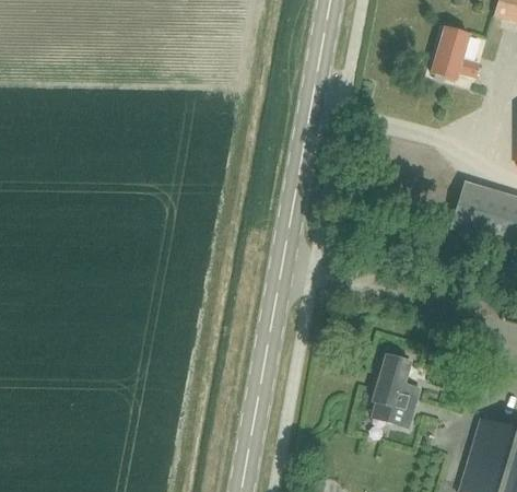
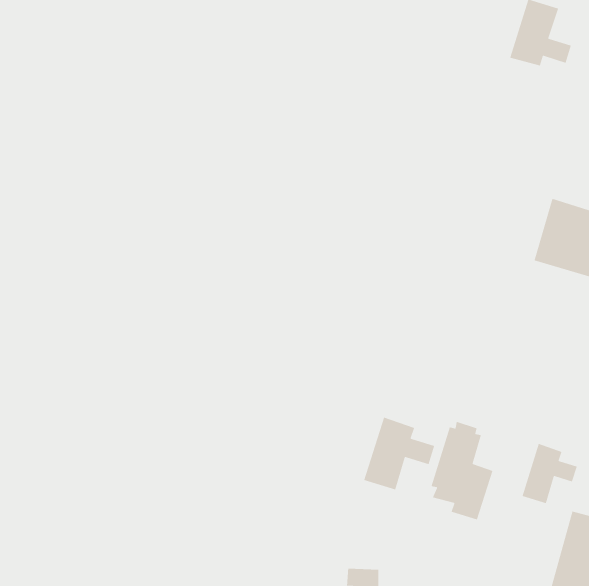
building: none -> [363,416,435,490]
building: none -> [521,443,578,504]

